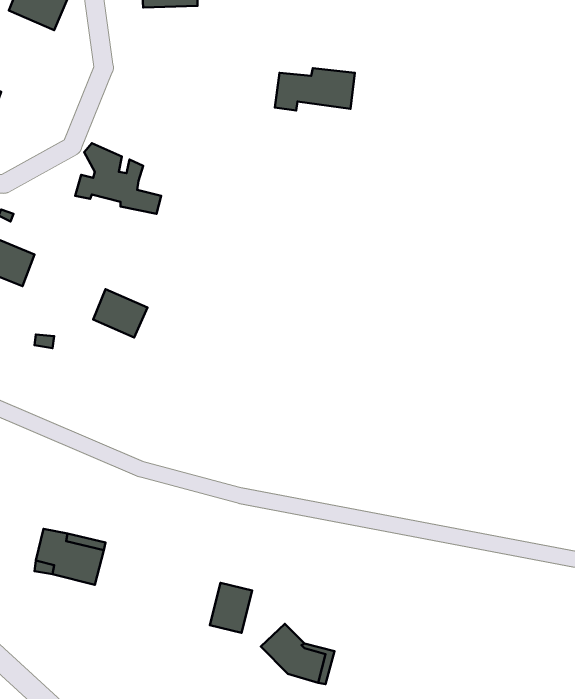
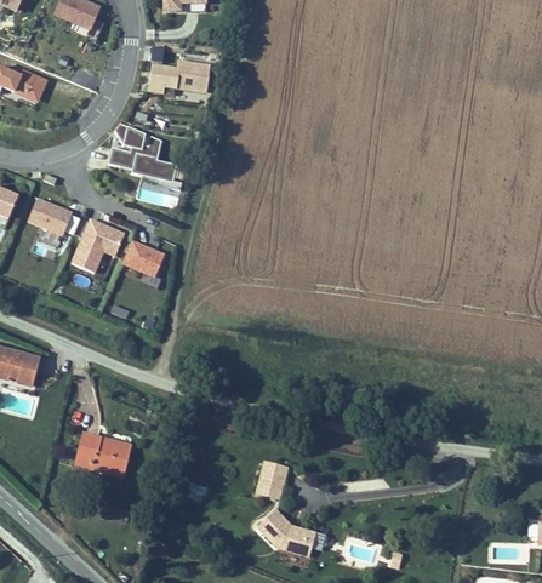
building: [275,68,355,110] -> [147,59,211,93]
building: none -> [70,218,124,272]
building: [210,583,252,633] -> [255,459,289,499]

